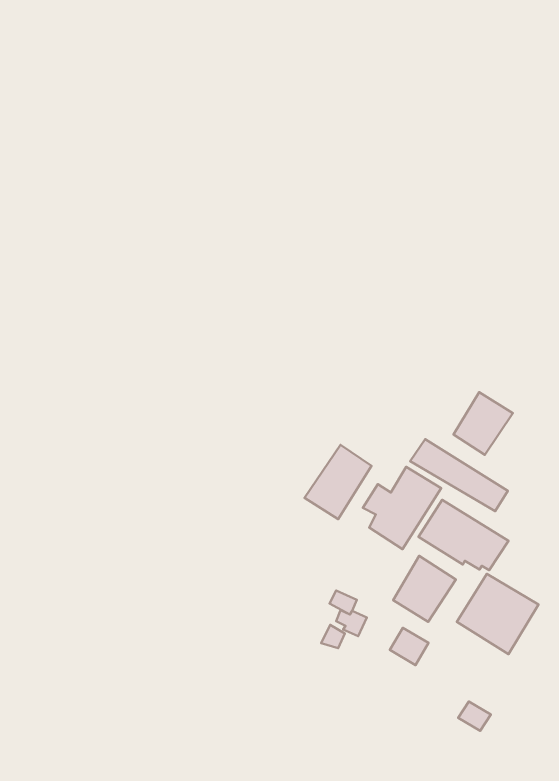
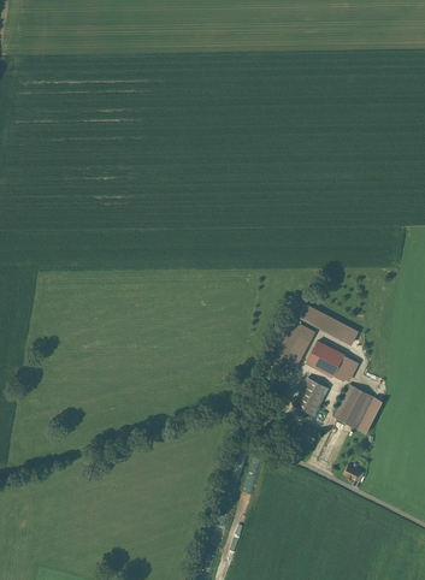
building: [453,392,513,455] -> none
building: [305,445,371,519] -> none

